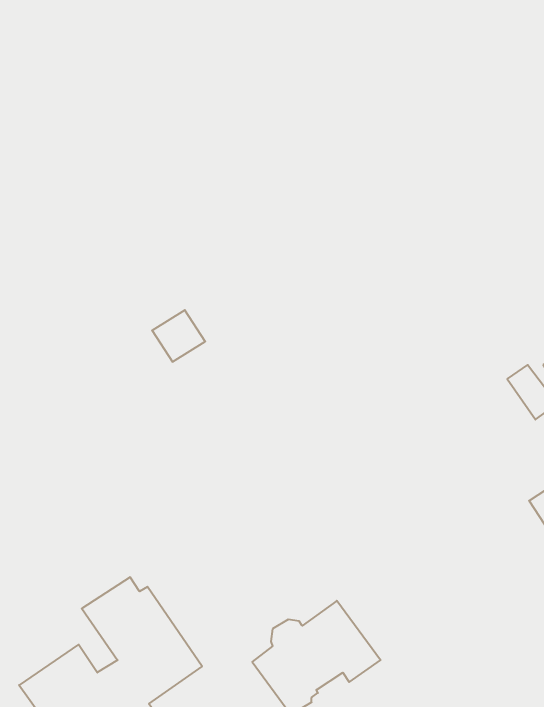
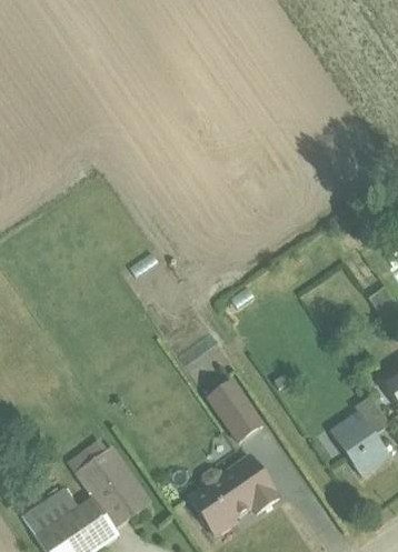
building: none -> [207,379,266,443]
building: none -> [330,397,390,476]

